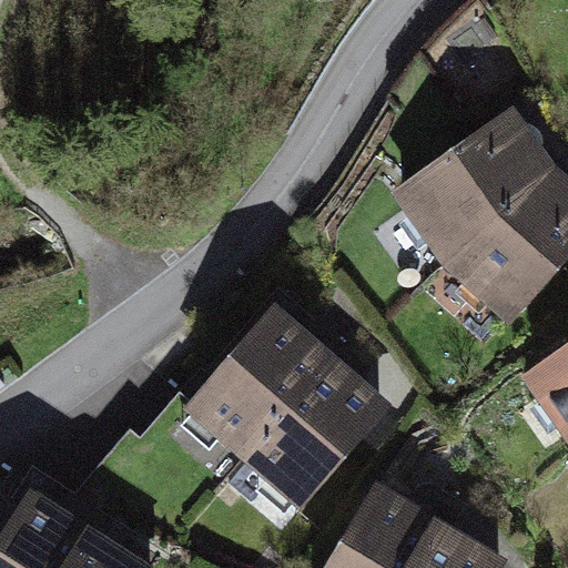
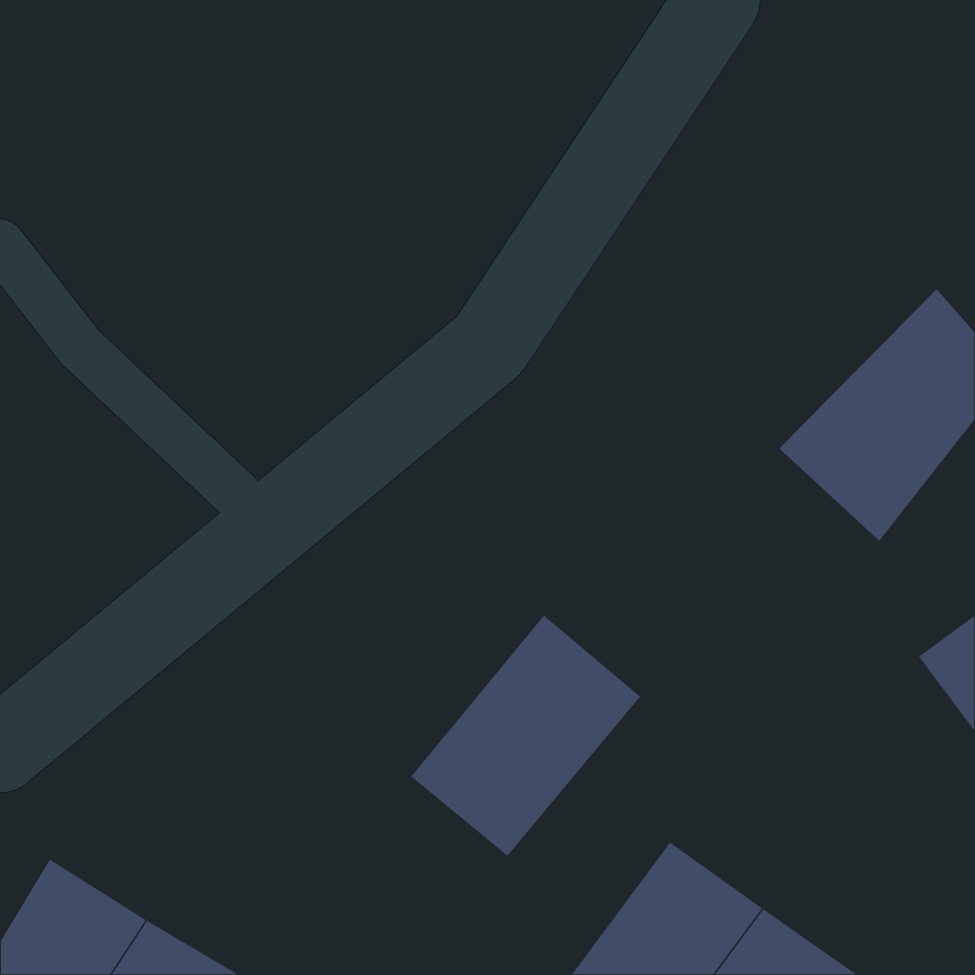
building: [403,123,545,261] -> none
building: [187,315,316,452] -> none

